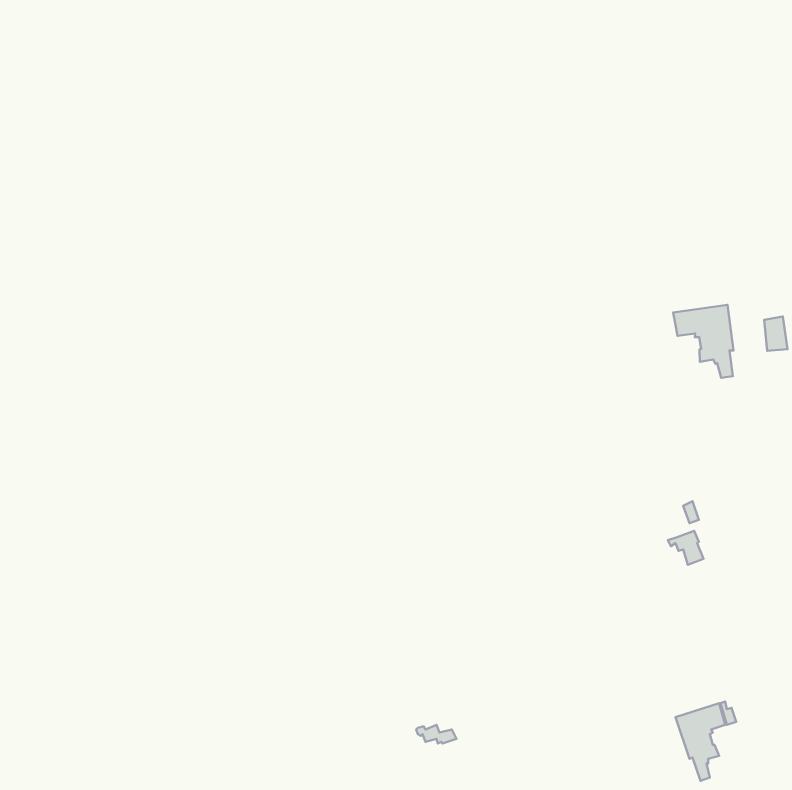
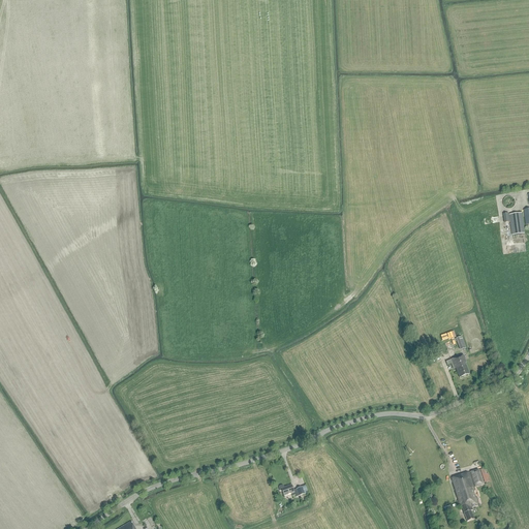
building: [673,305,734,378] -> none

